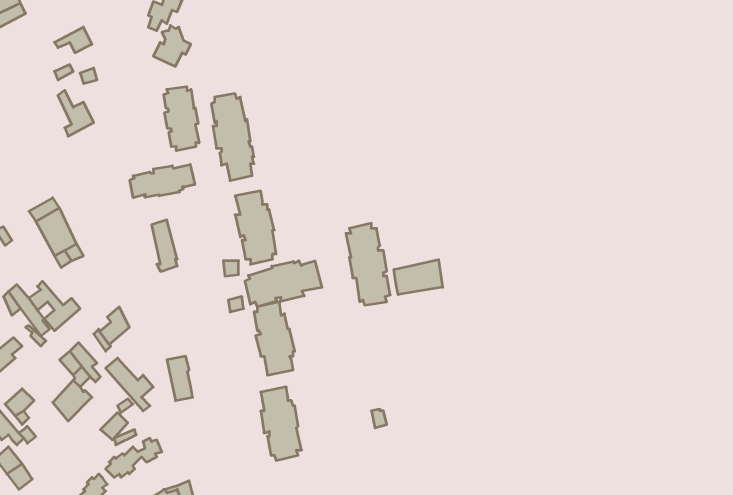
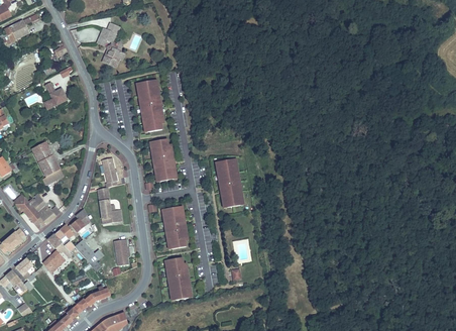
building: [164,87,199,151] -> none
building: [130,164,195,198] -> none
building: [394,260,443,295] -> none
building: [245,261,322,307] -> none
building: none -> [98,187,122,220]

